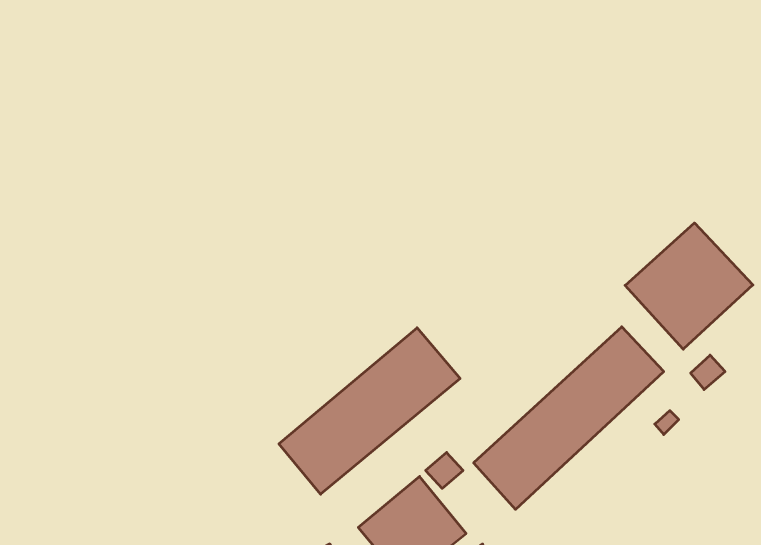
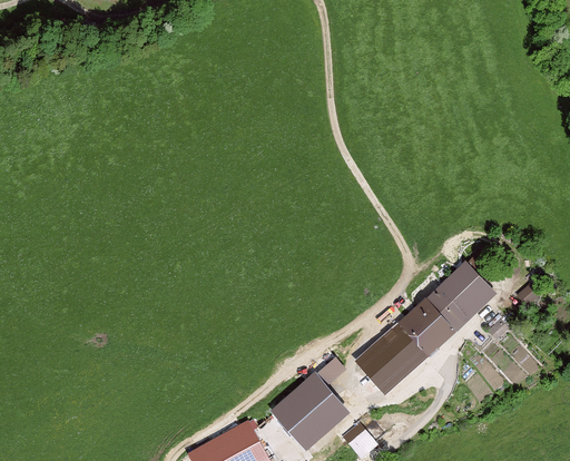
building: [625,223,753,349] -> none
building: [279,328,460,494] -> none

